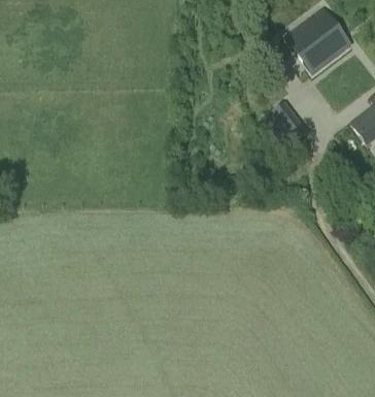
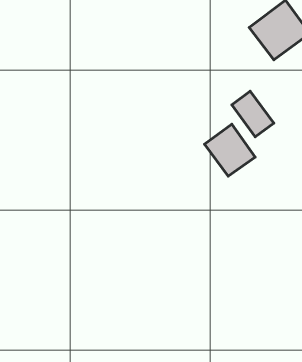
building: none -> [204,124,255,176]

